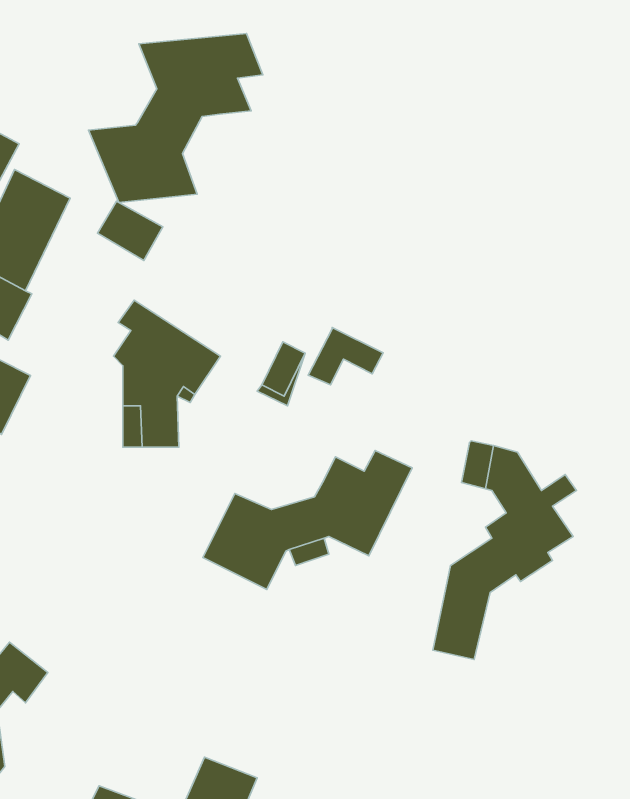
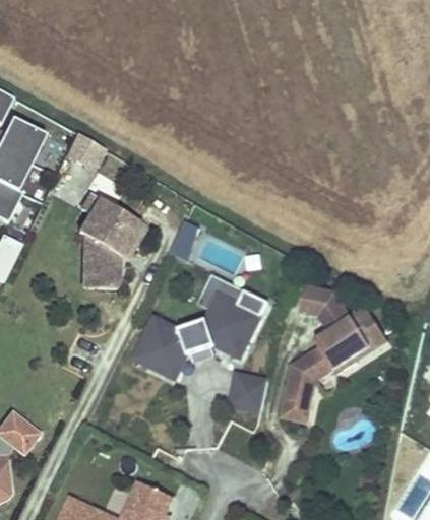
building: [88,33,263,202] -> none
building: [308,327,383,385] -> [195,275,243,312]
building: none -> [229,375,266,413]

